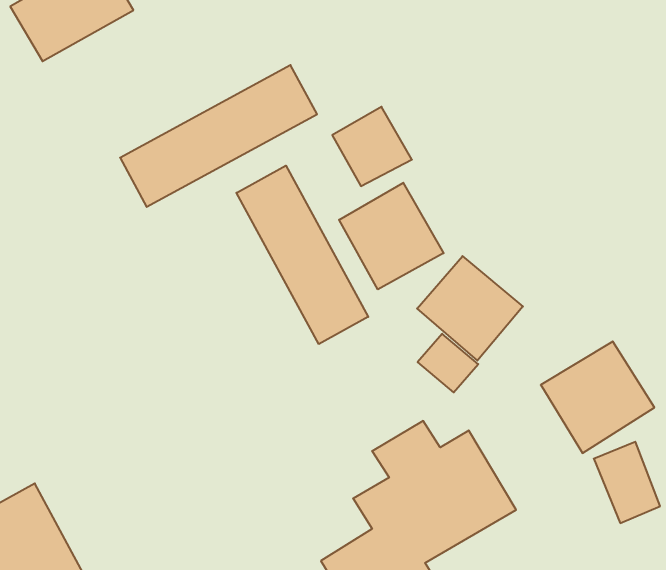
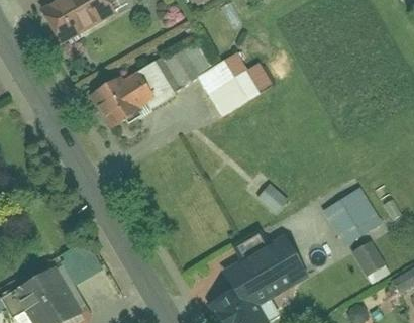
building: [236,166,368,344] -> none
building: [339,183,444,289] -> none
building: [417,256,523,361] -> none

